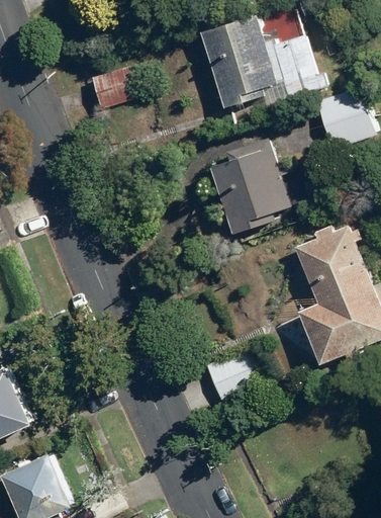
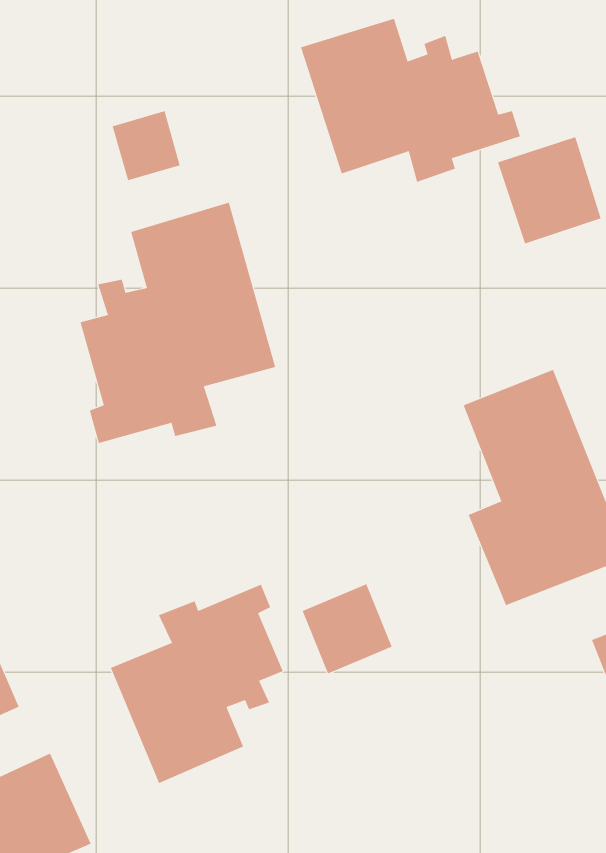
building: none -> [80,202,276,444]
building: [207,139,289,235] -> none
building: none -> [110,584,283,784]

